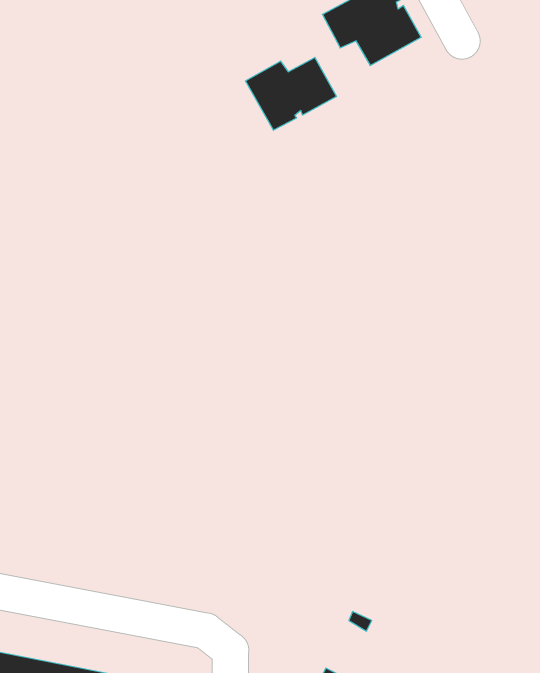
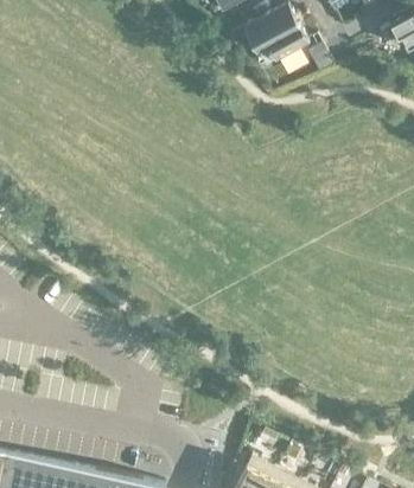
building: [245,57,336,130] -> none

